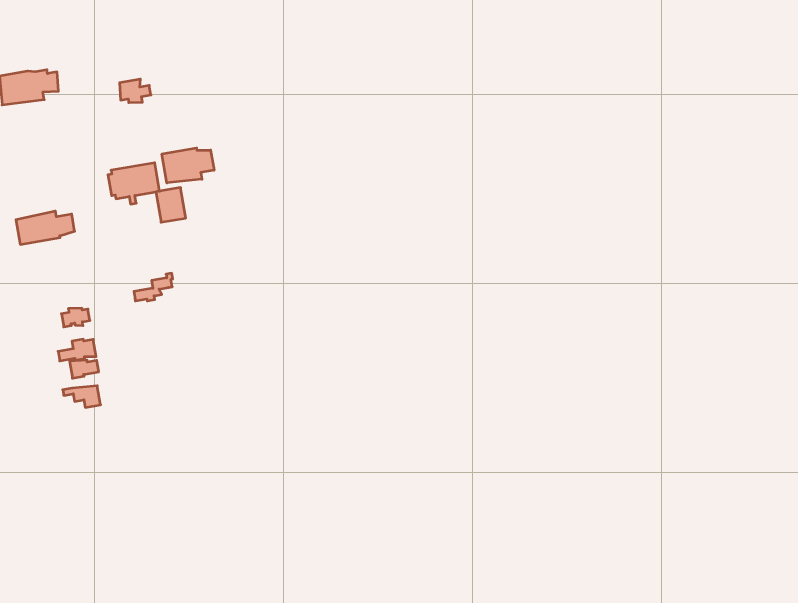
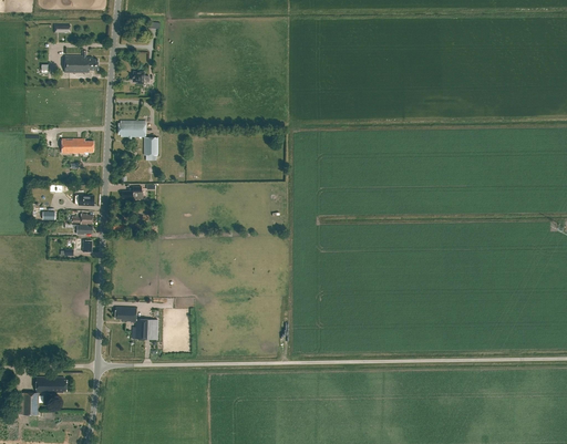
building: [162,148,214,183] -> none
building: none -> [115,307,153,340]

